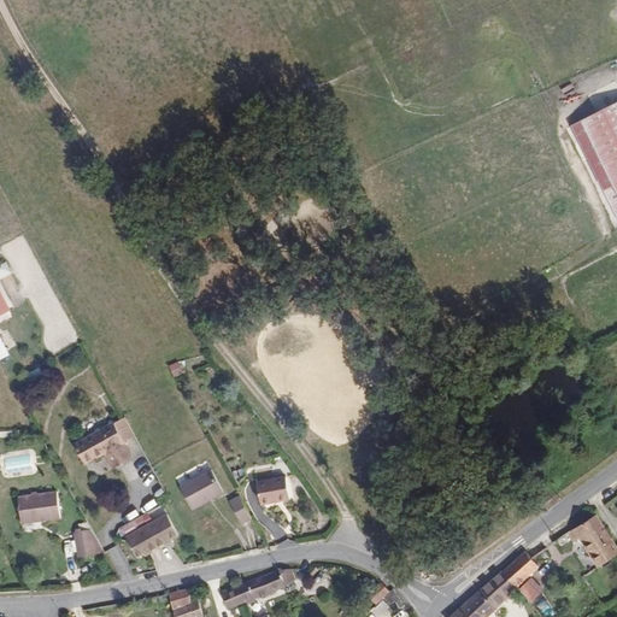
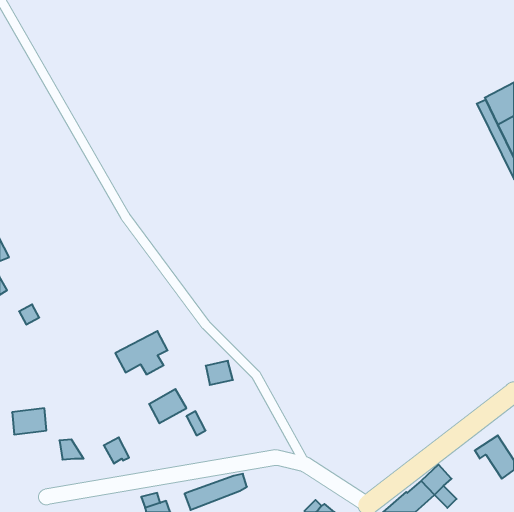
building: [76,418,139,470] -> [115,331,168,374]
building: [260,474,293,503] -> [206,361,233,385]
building: [142,511,176,547] -> none

